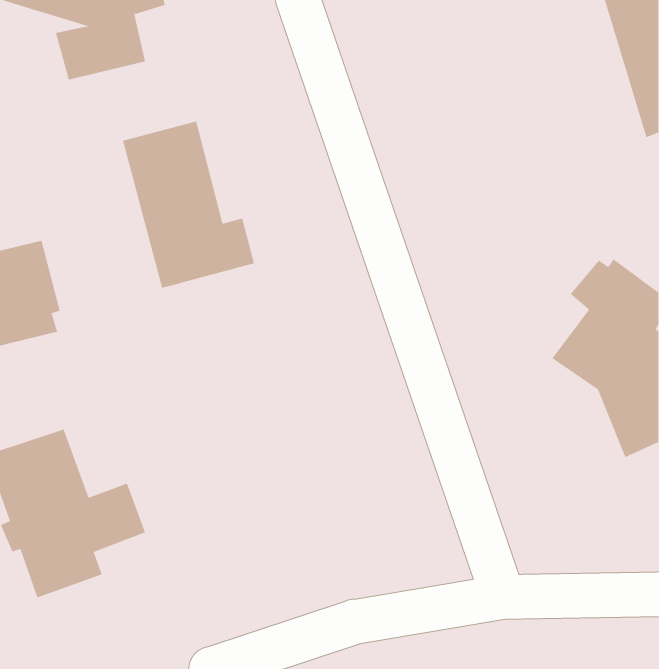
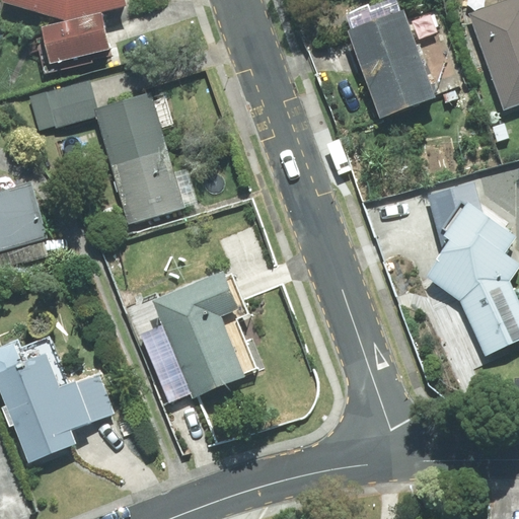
building: none -> [349,8,438,119]
building: none -> [26,80,93,130]
building: none -> [144,269,257,400]

